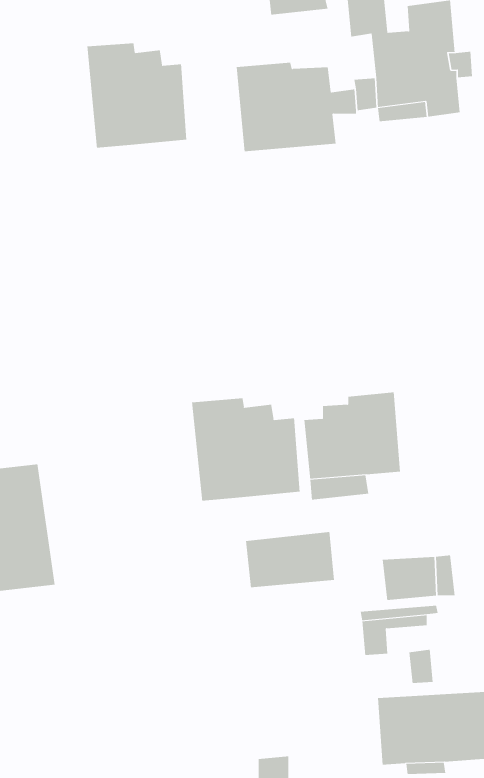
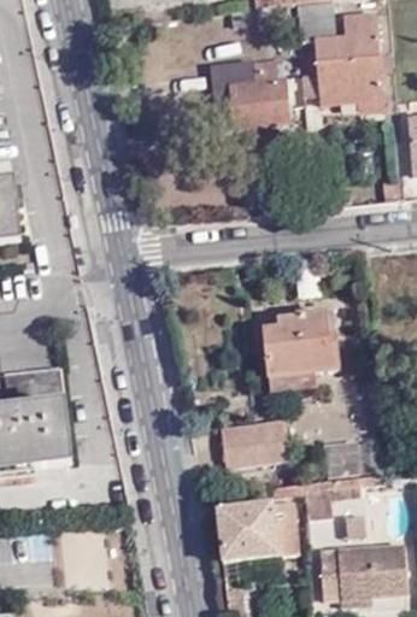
building: [87,43,187,148] -> none
building: [192,398,300,502] -> none
building: none -> [221,503,305,563]

